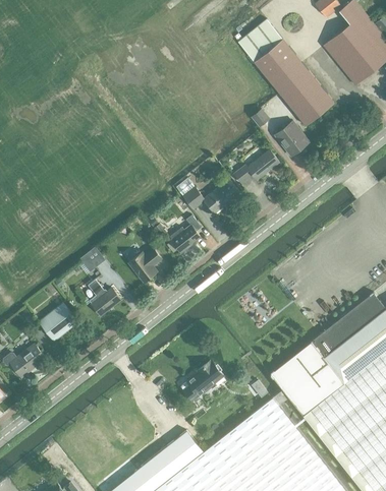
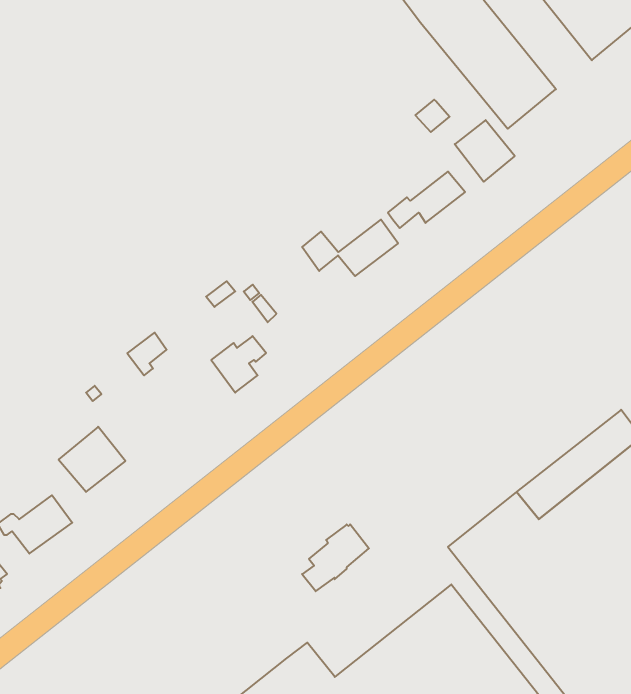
building: [170,216,201,254] -> none
building: [88,281,121,316] -> none

